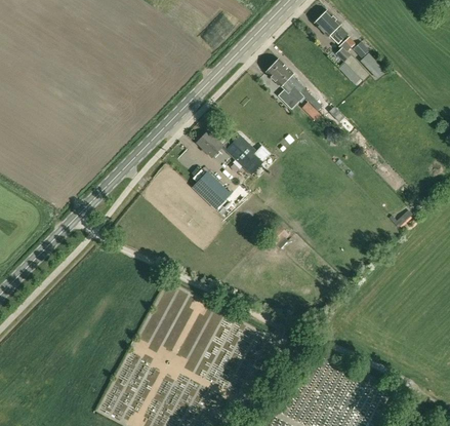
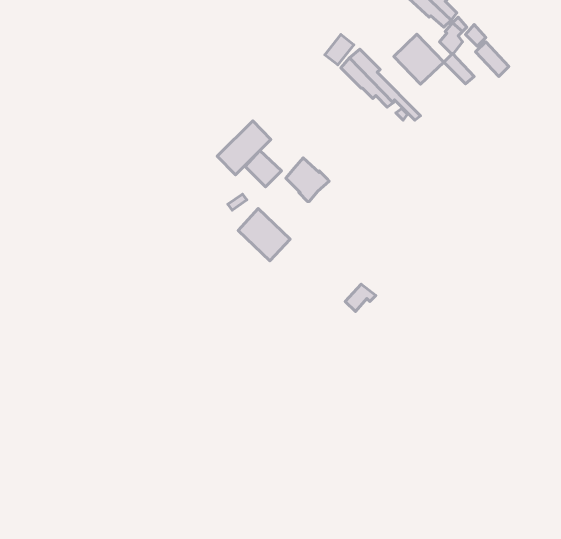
building: none -> [394,34,444,84]
building: none -> [217,121,271,175]

